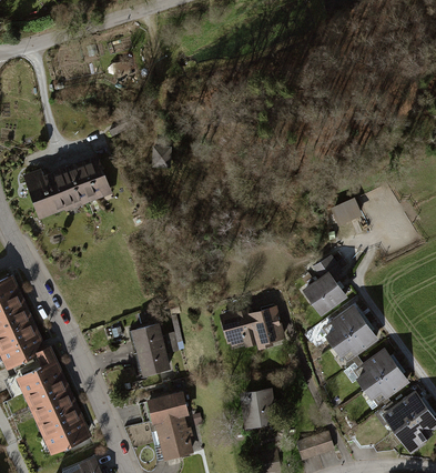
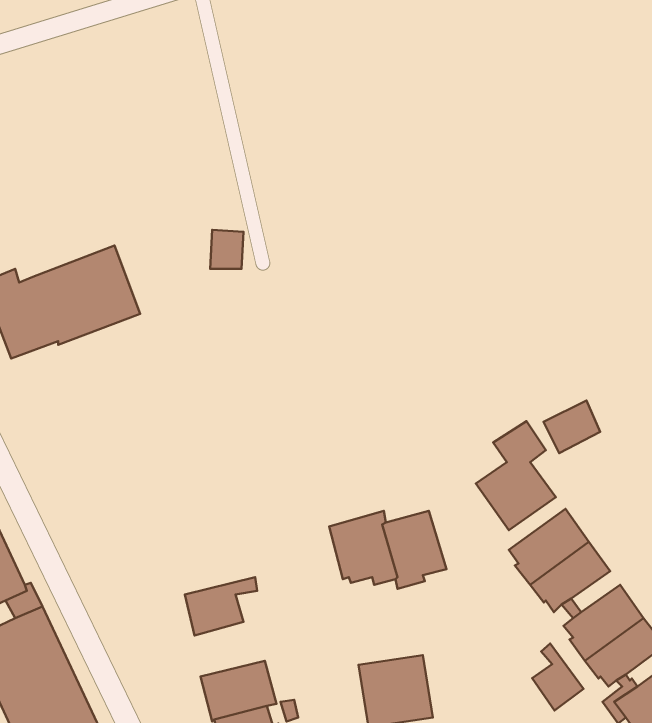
building: [329,197,362,227] -> [544,401,600,453]
building: [130,323,176,353] -> none
building: none -> [532,644,583,711]

